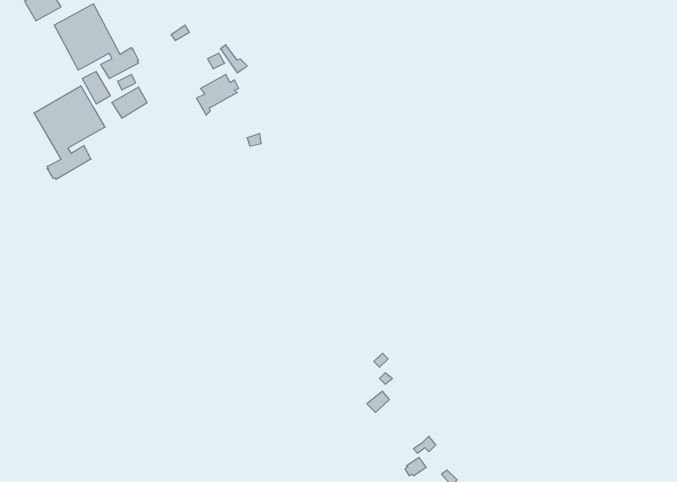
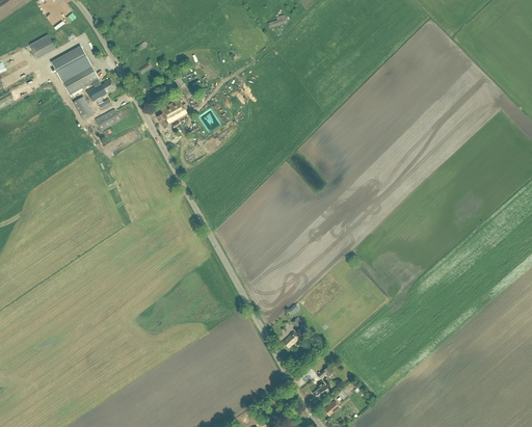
building: [34,86,105,180] -> none

